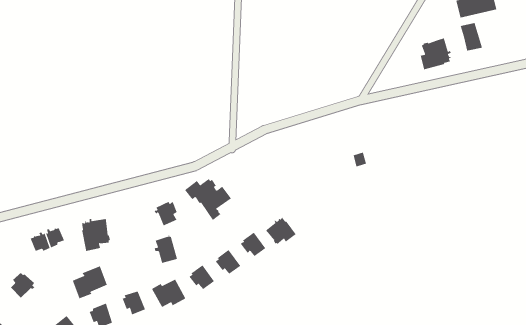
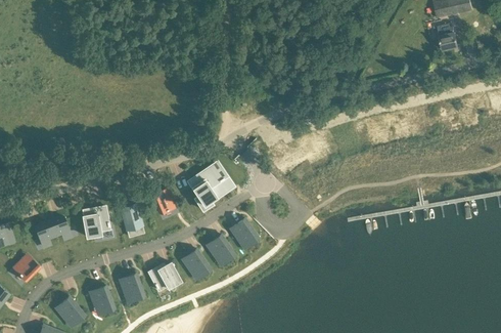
building: [420,38,452,70] -> none
building: [265,217,297,245] -> none
building: [154,235,178,264] -> [120,204,142,231]
building: [72,266,108,299] -> none

